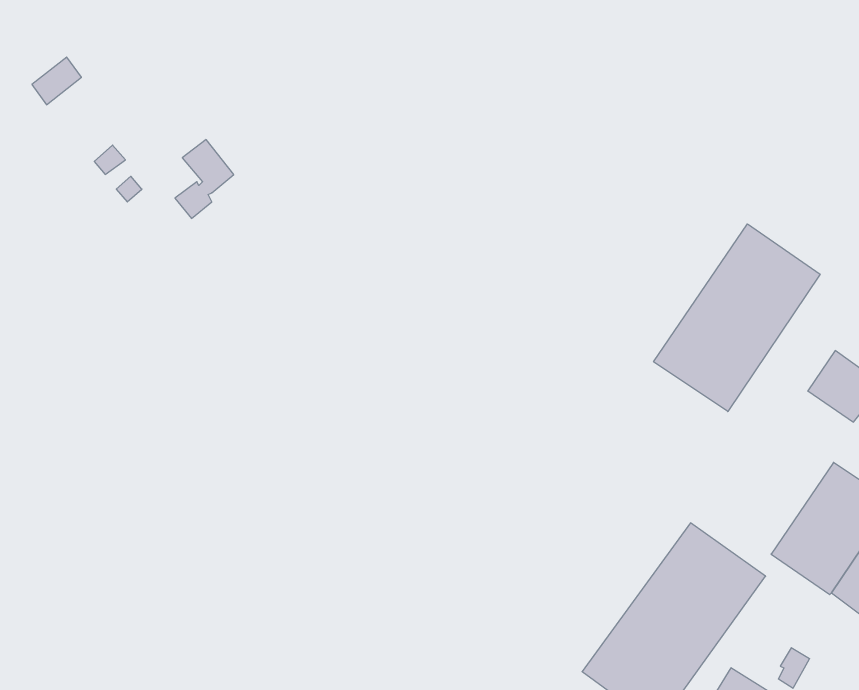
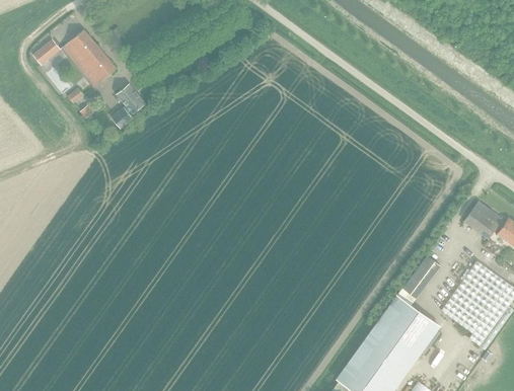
building: none -> [62,29,115,86]
building: [654,224,820,412] -> none
building: none -> [402,258,439,301]

